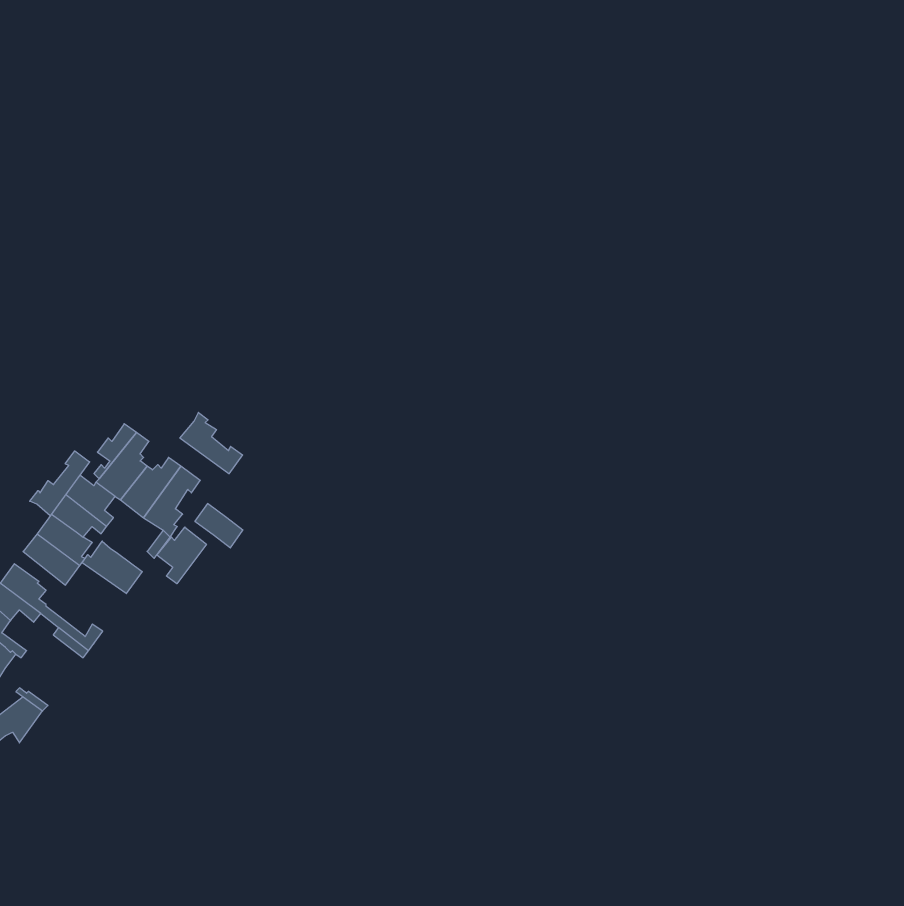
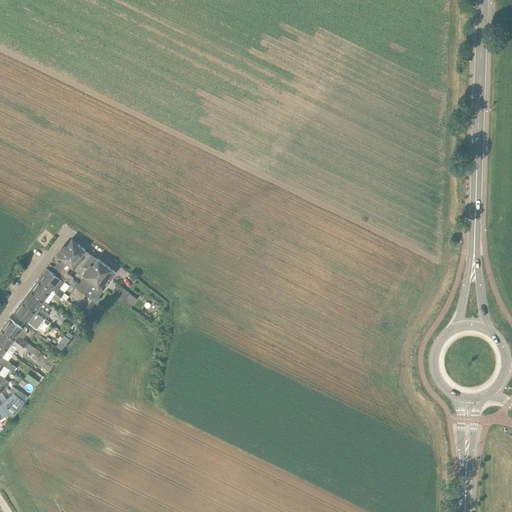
building: [180,412,243,474] -> none
building: [30,451,90,516] -> none
building: [157,527,206,584] -> none
building: [82,541,142,594] -> none

